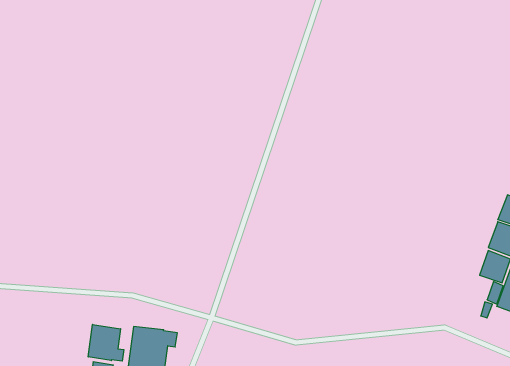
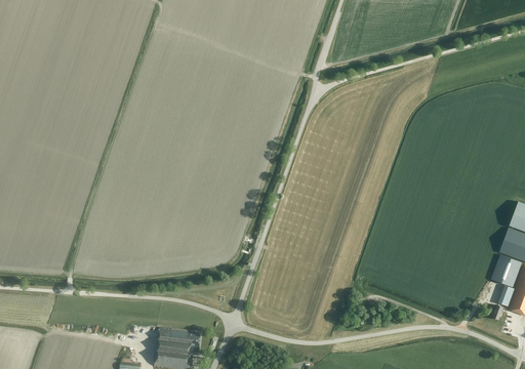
building: [88,324,124,361] -> none

